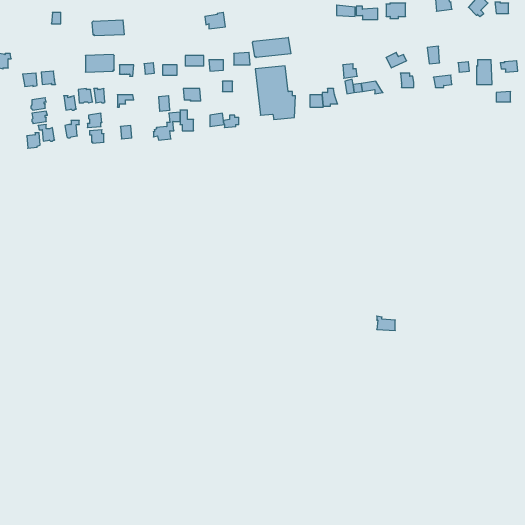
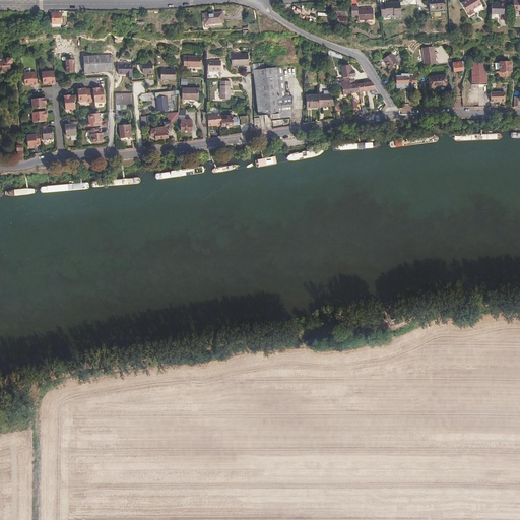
building: [92,20,124,36] -> none
building: [252,37,291,58] -> none

